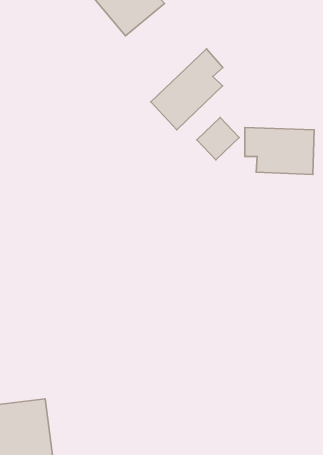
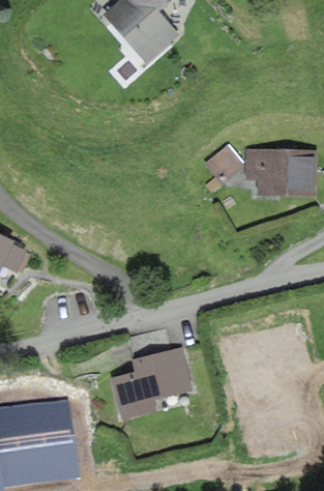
building: [151,49,223,130] -> none
building: none -> [116,351,188,415]

